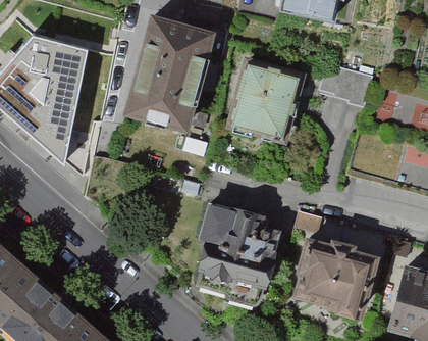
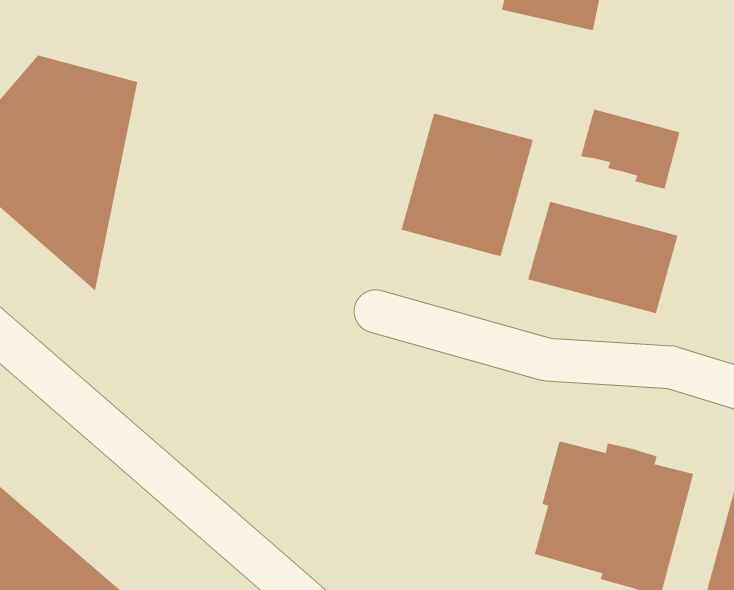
building: [128,18,214,131] -> none
building: none -> [527,201,678,314]
building: [199,202,281,288] -> none

